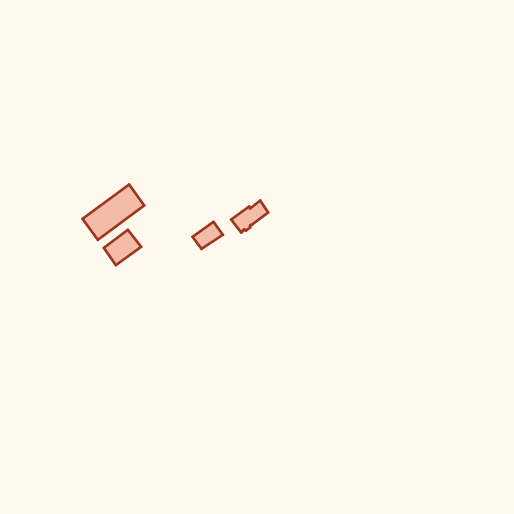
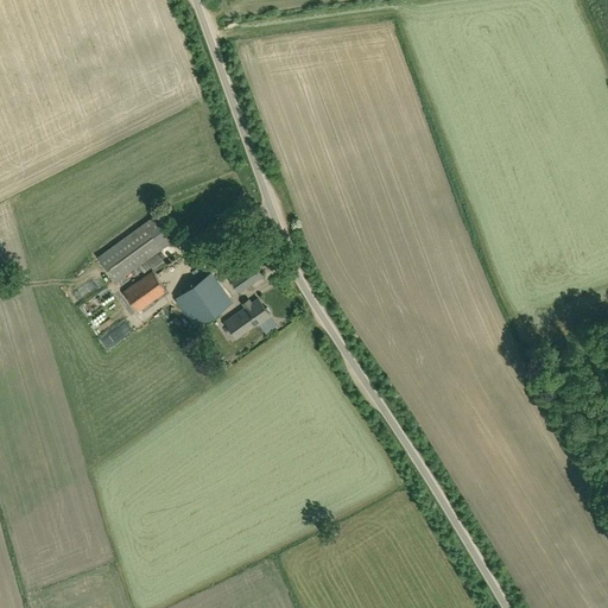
building: [231,200,268,233] -> [223,302,267,340]
building: none -> [175,274,230,328]

